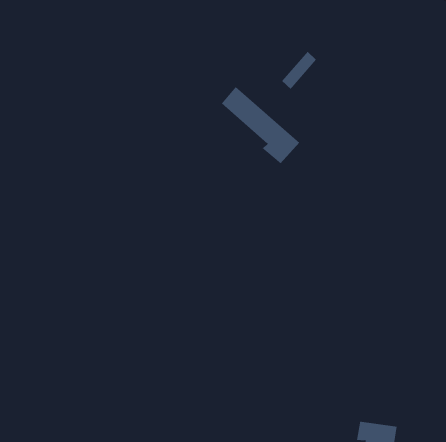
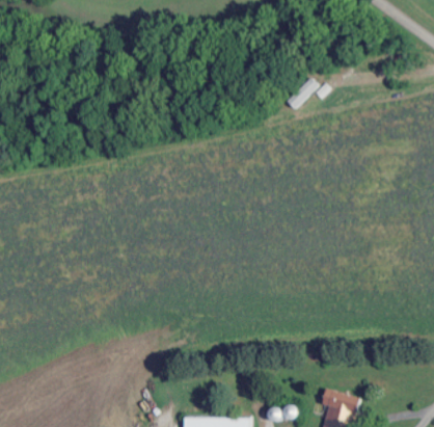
building: [221,86,300,164] -> none

